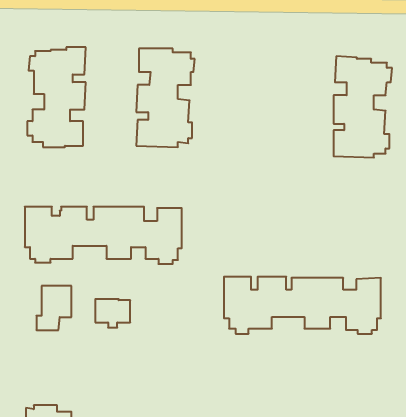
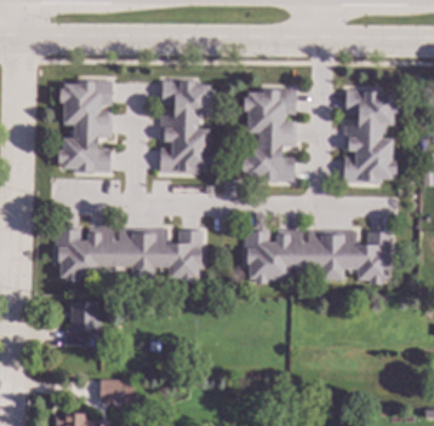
building: none -> [242,88,297,183]
building: [224,277,381,334] -> [245,230,392,283]
building: [95,299,130,328] -> [101,380,133,407]

